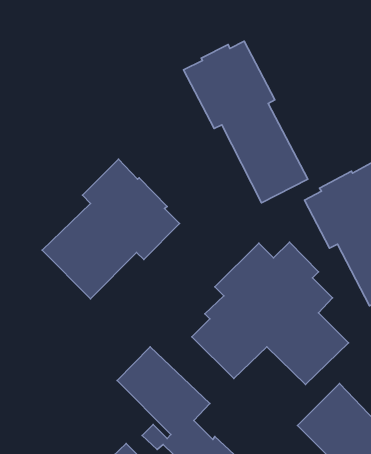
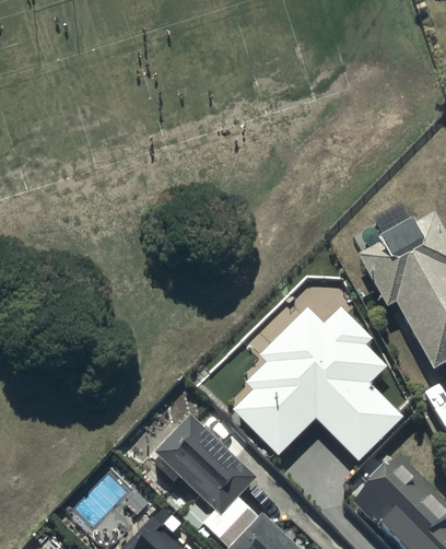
building: [184,41,308,203] -> none
building: [42,159,180,299] -> none

